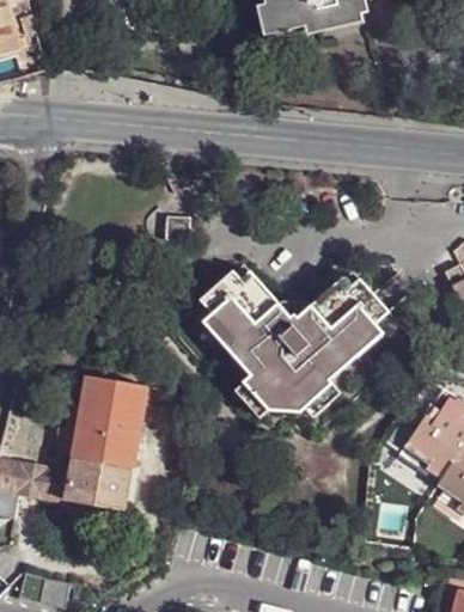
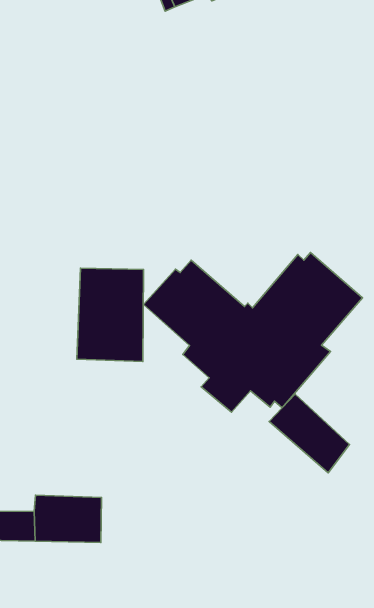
building: [72,374,146,469] -> [77,268,144,362]
building: none -> [269,394,349,473]

